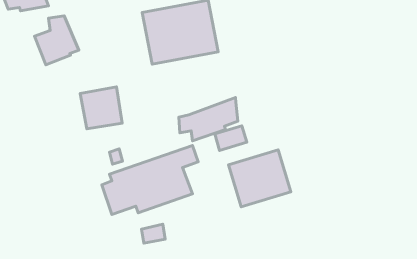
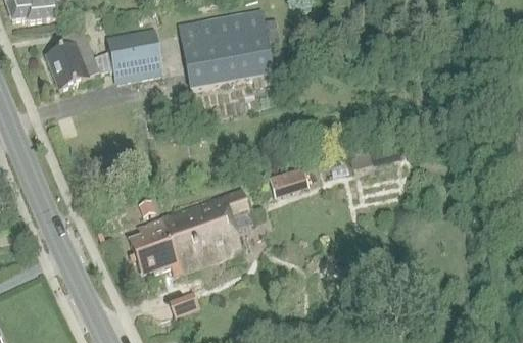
building: [80,87,122,129] -> [107,30,159,82]
building: [179,98,238,141] -> none
building: [228,150,291,207] -> none

